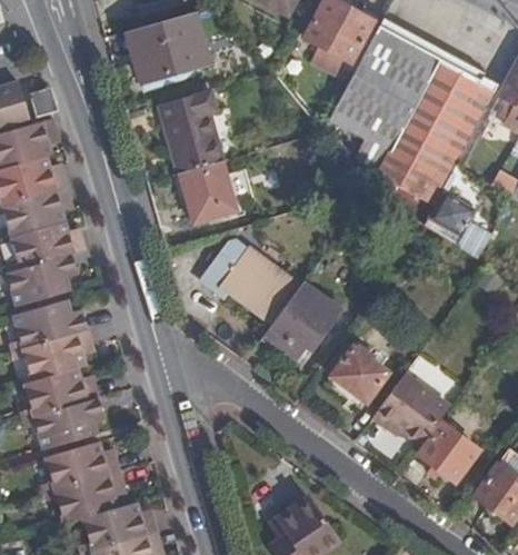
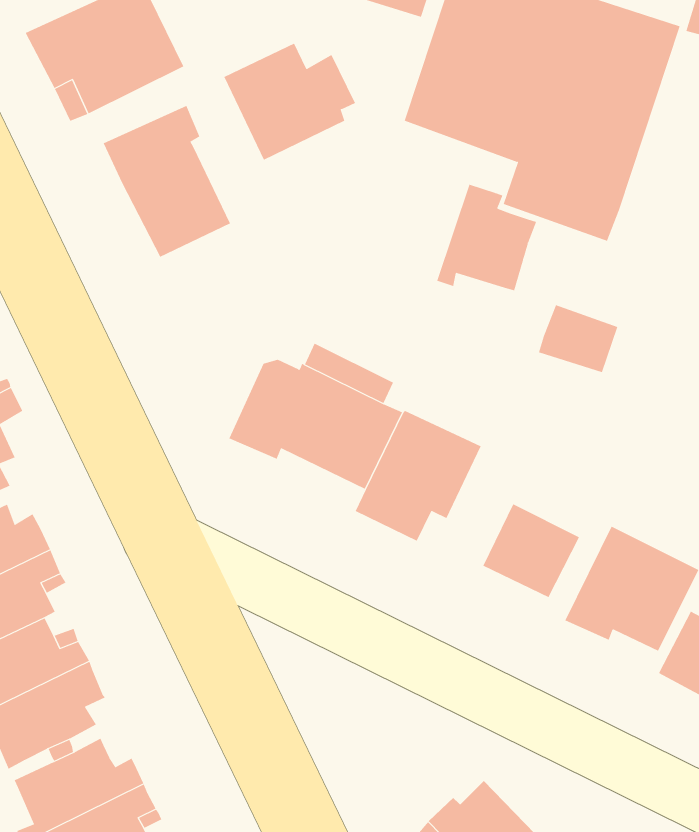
building: [178,161,250,225] -> [224,43,356,160]
building: none -> [436,184,537,291]
building: [428,191,476,235] -> [538,304,618,373]

